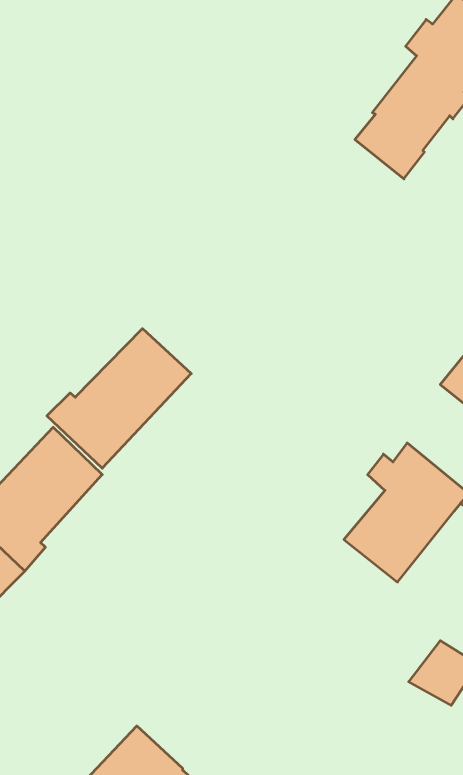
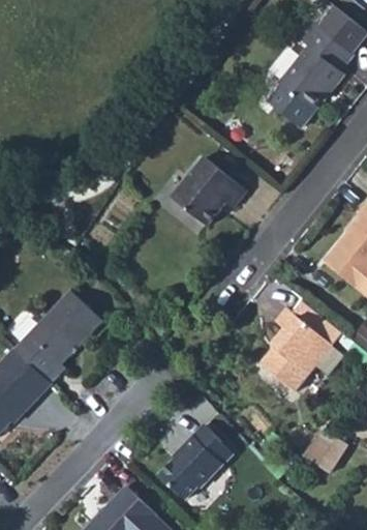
building: none -> [172,157,246,226]
building: [47,329,191,468] -> none
building: none -> [159,424,232,499]

